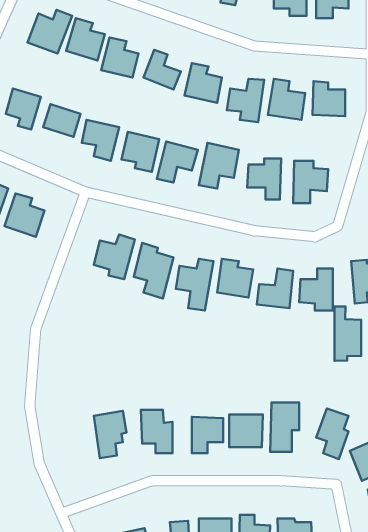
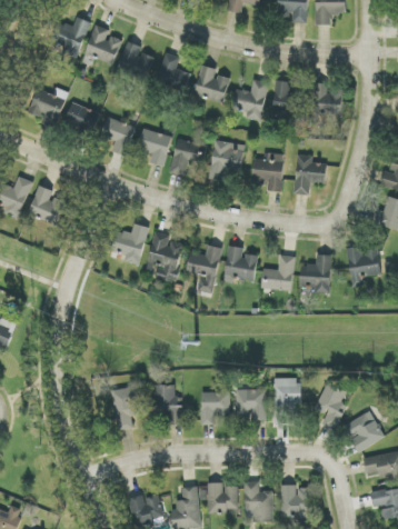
building: [334,306,361,361] -> none

